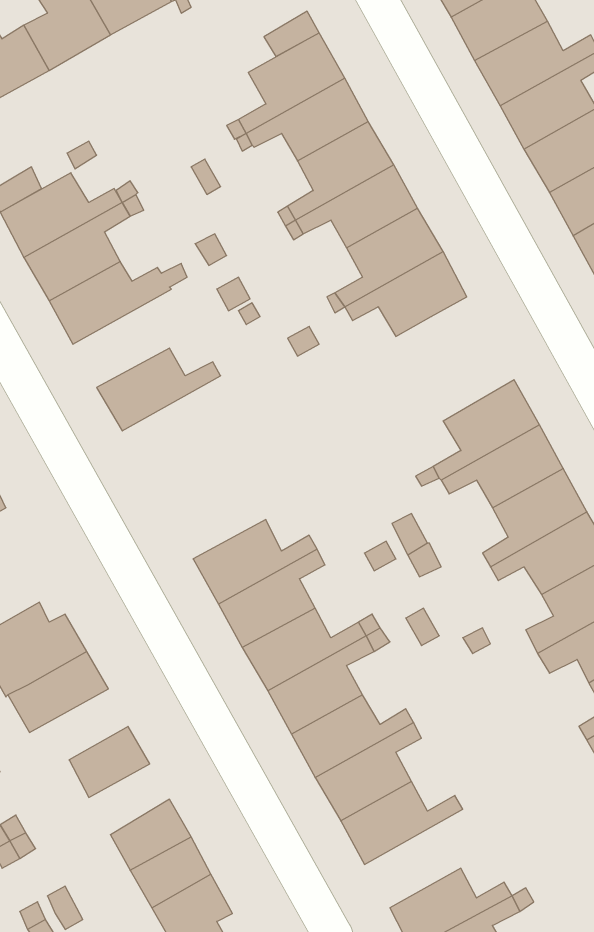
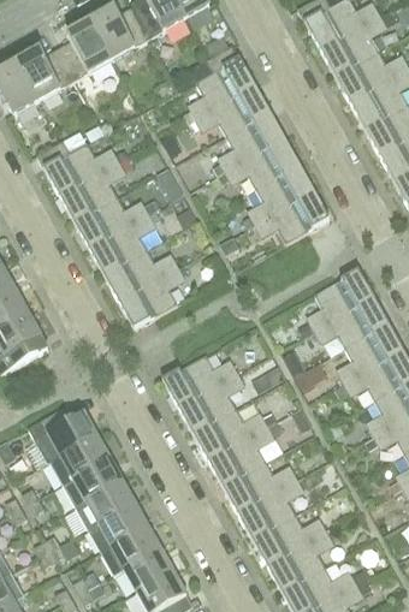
building: none -> [89,212,160,275]
building: none -> [119,268,184,329]
building: none -> [63,459,123,509]
building: none -> [89,505,148,554]
building: none -> [267,533,332,593]

